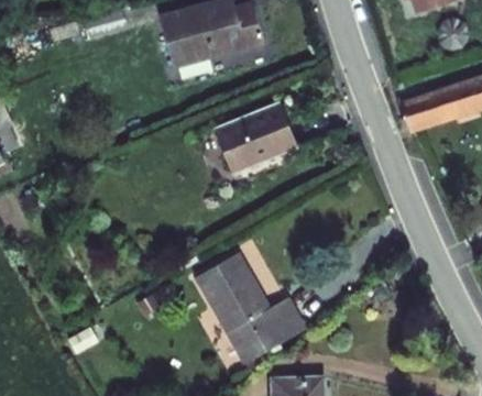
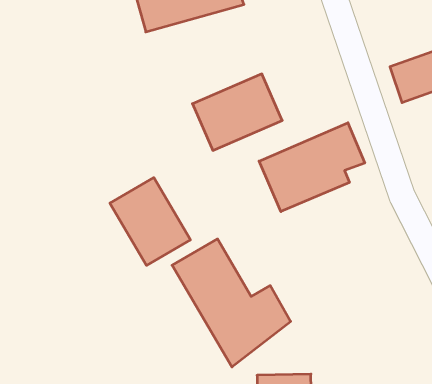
building: none -> [259,123,365,212]
building: none -> [110,178,190,265]

